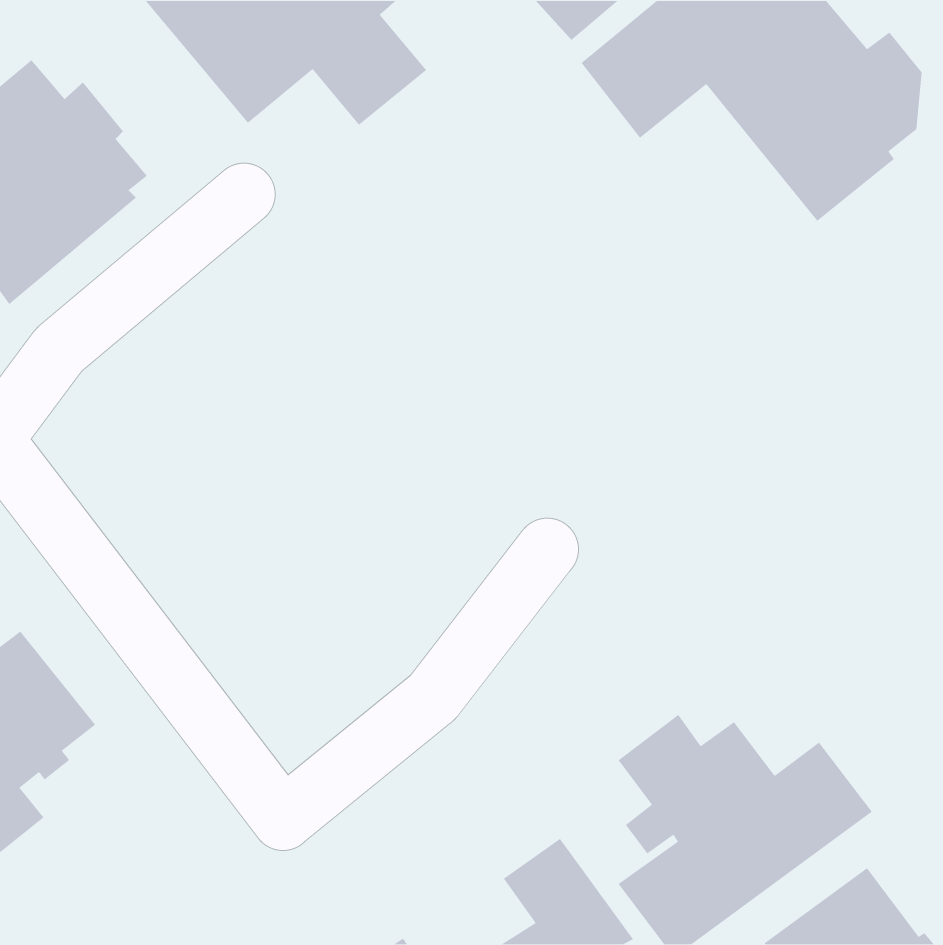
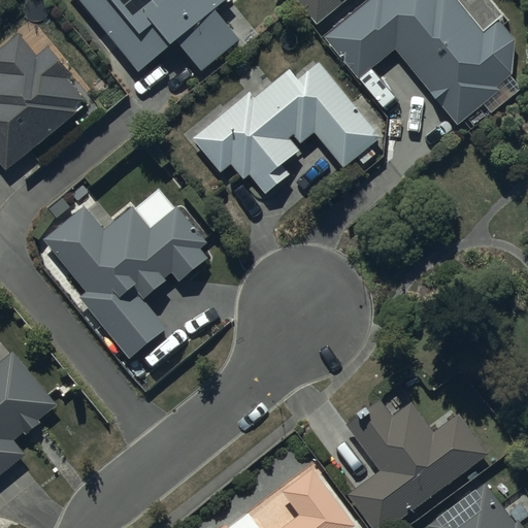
building: none -> [192,59,381,192]
building: none -> [42,205,206,358]

